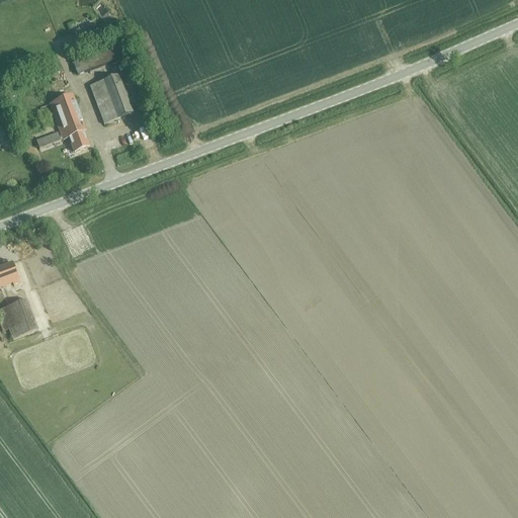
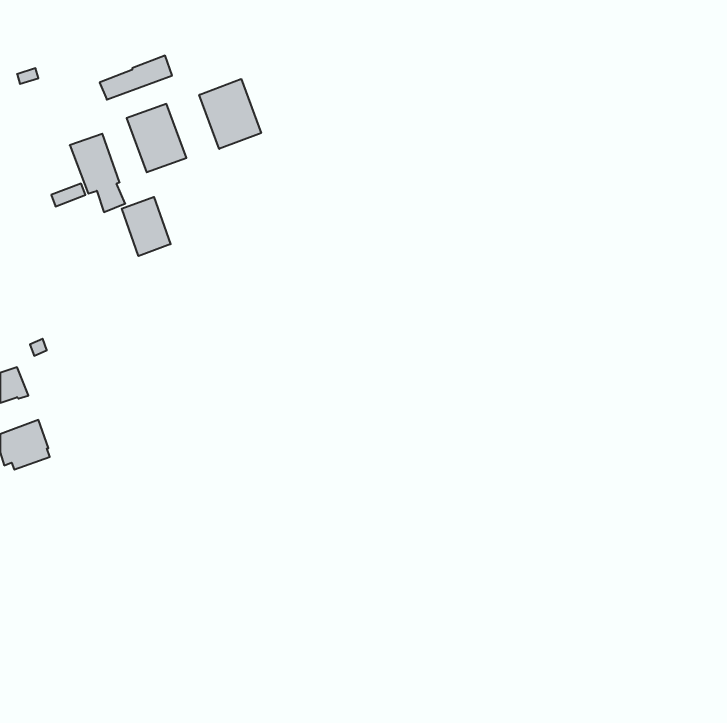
building: none -> [199,79,261,149]
building: none -> [122,197,171,256]

